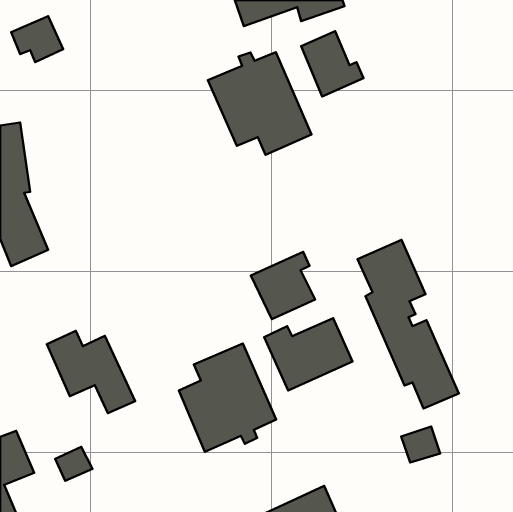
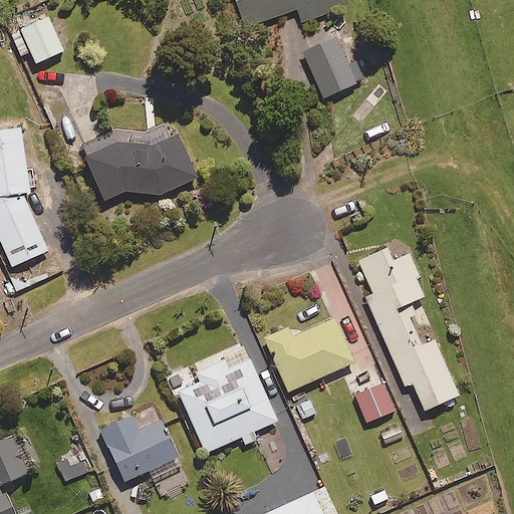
building: [208,52,312,155] -> none
building: none -> [84,133,196,200]
building: [251,252,315,319] -> none
building: [47,331,135,413] -> [100,416,189,498]
building: [401,426,440,463] -> [356,384,396,421]

